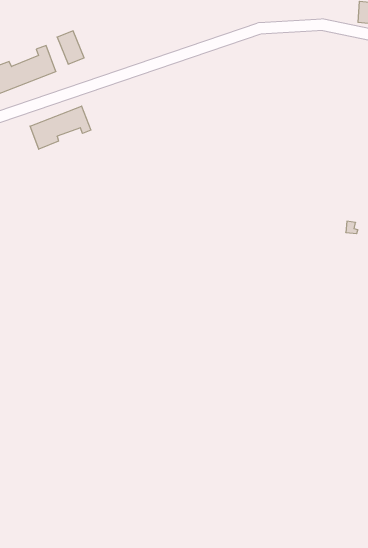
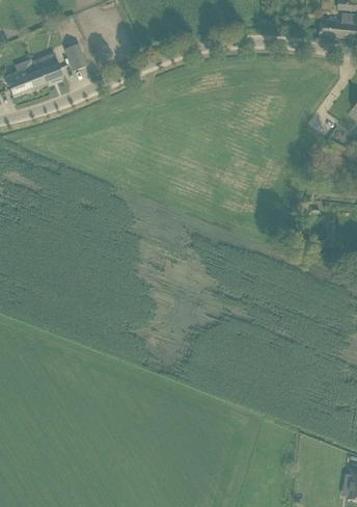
building: [30,106,91,149] -> none

